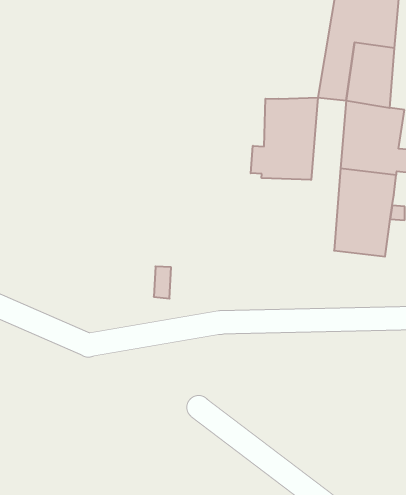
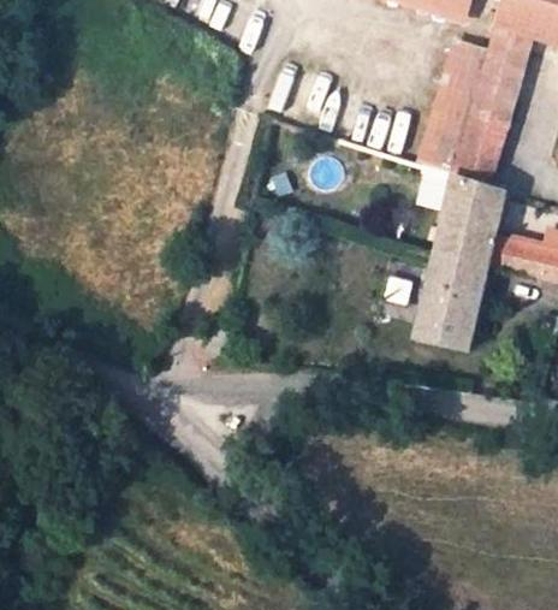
building: [251,97,318,180] -> none

